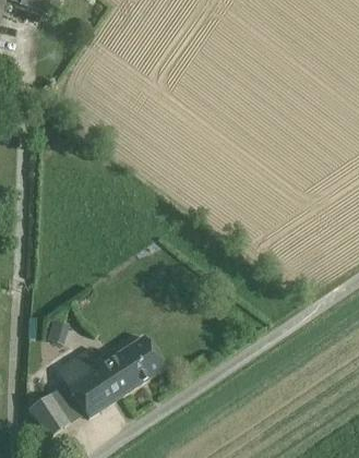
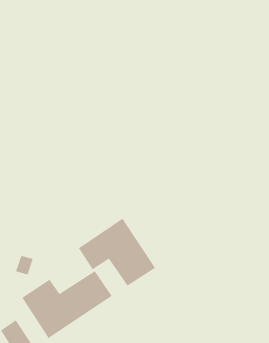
building: none -> [78,218,156,286]

